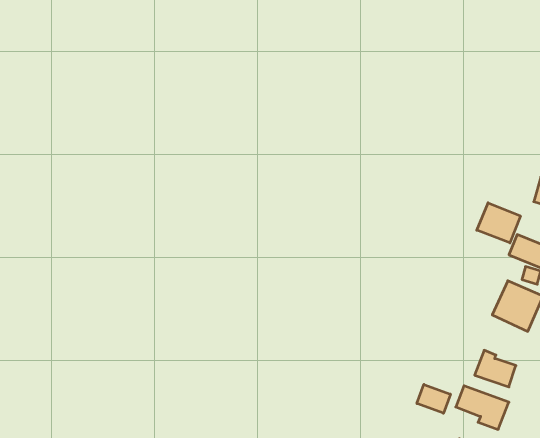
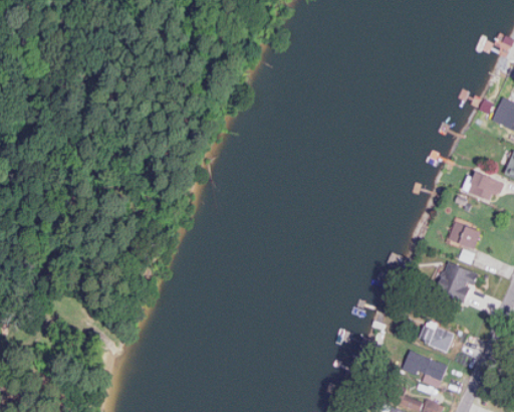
building: [477,203,520,243] -> none
building: [417,384,450,413] -> none

